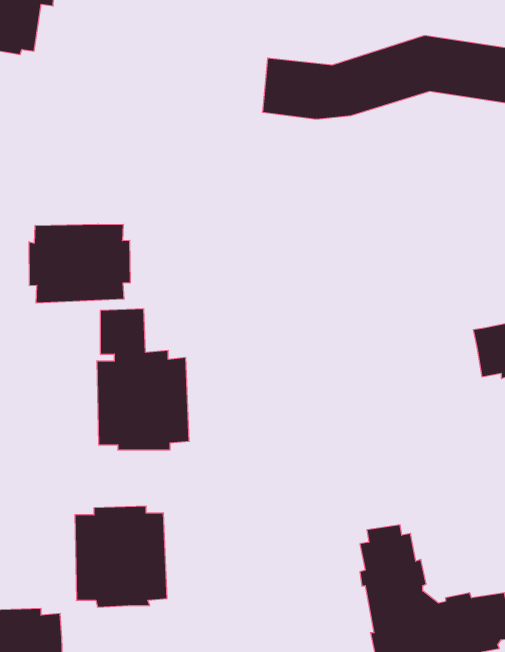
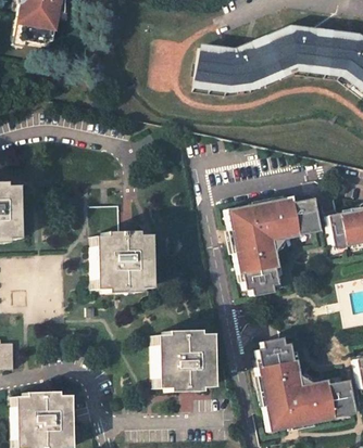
building: [29,224,130,303] -> none
building: none -> [226,197,318,296]
building: [75,506,167,607] -> [152,329,210,392]

